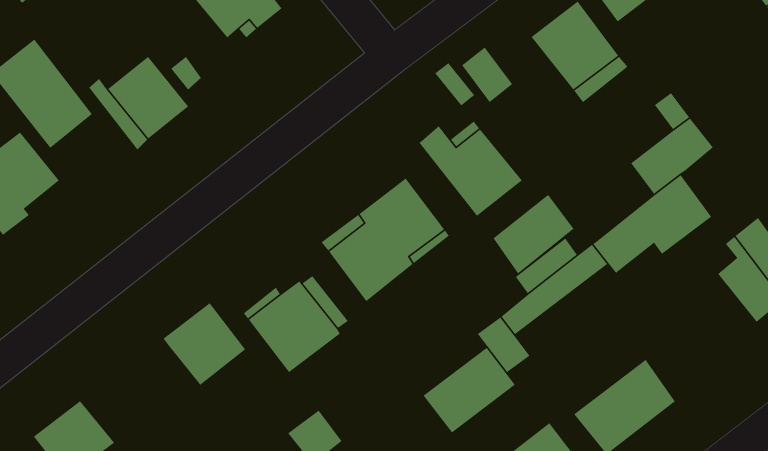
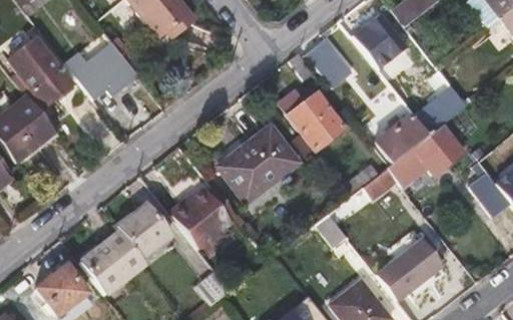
building: [492,194,575,275] -> [377,113,429,165]
building: none -> [80,231,146,294]
building: [423,347,516,434] -> none

